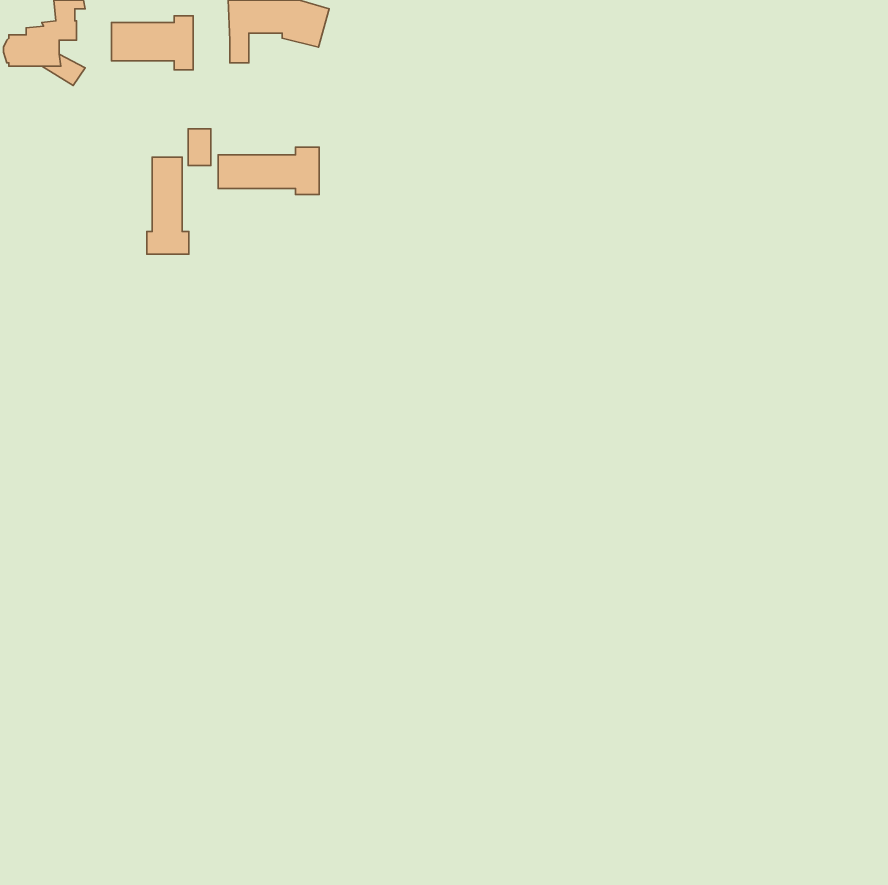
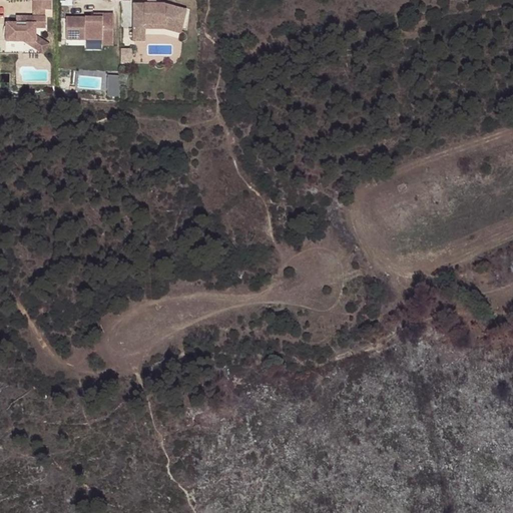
building: [218,147,319,194] -> none
building: [147,157,189,254] -> none

